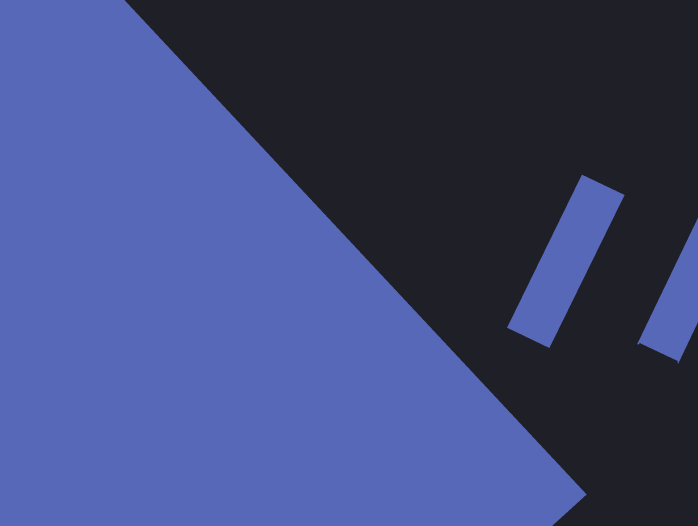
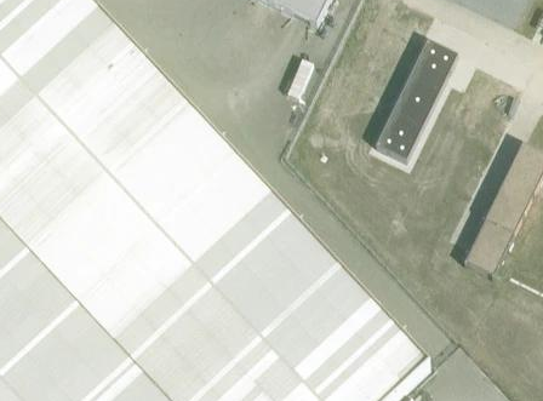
building: [506,174,625,349] -> [376,39,458,160]

